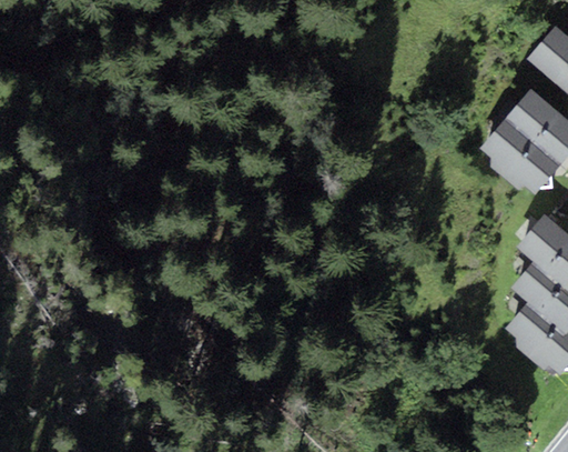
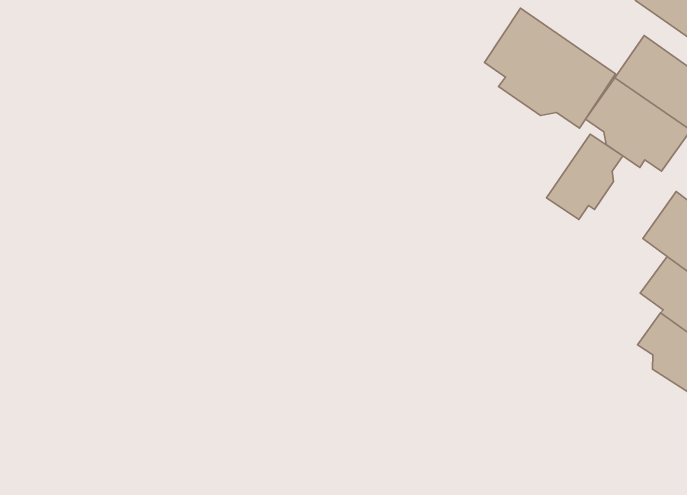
building: none -> [484,8,616,128]
building: none -> [546,134,623,219]

